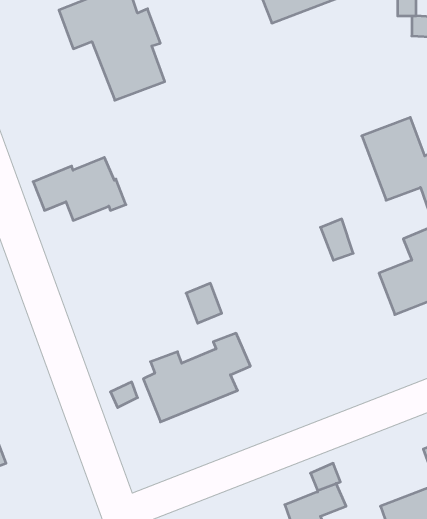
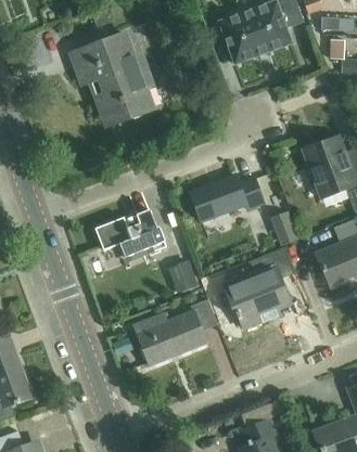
building: [33,157,126,220] -> [95,210,166,258]
building: none -> [190,175,264,220]
building: none -> [224,247,295,328]

